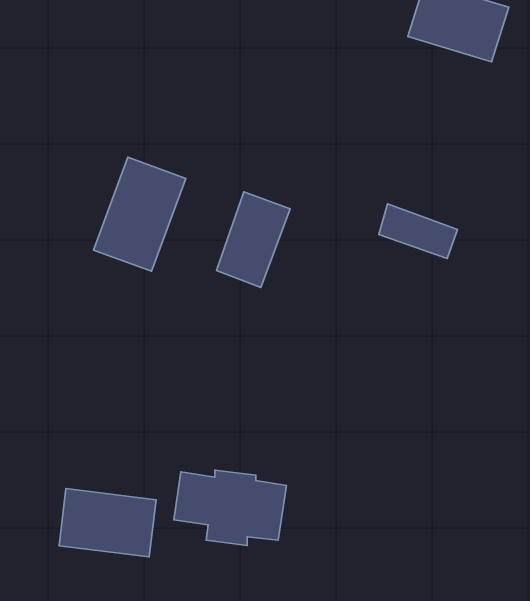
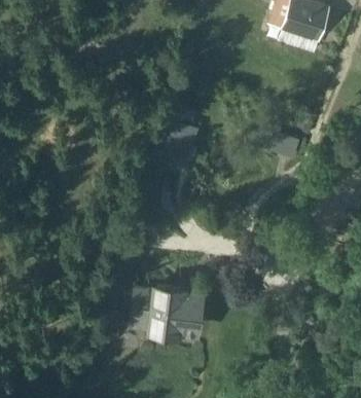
building: [93,157,186,271] -> none
building: [59,489,156,557] -> none

